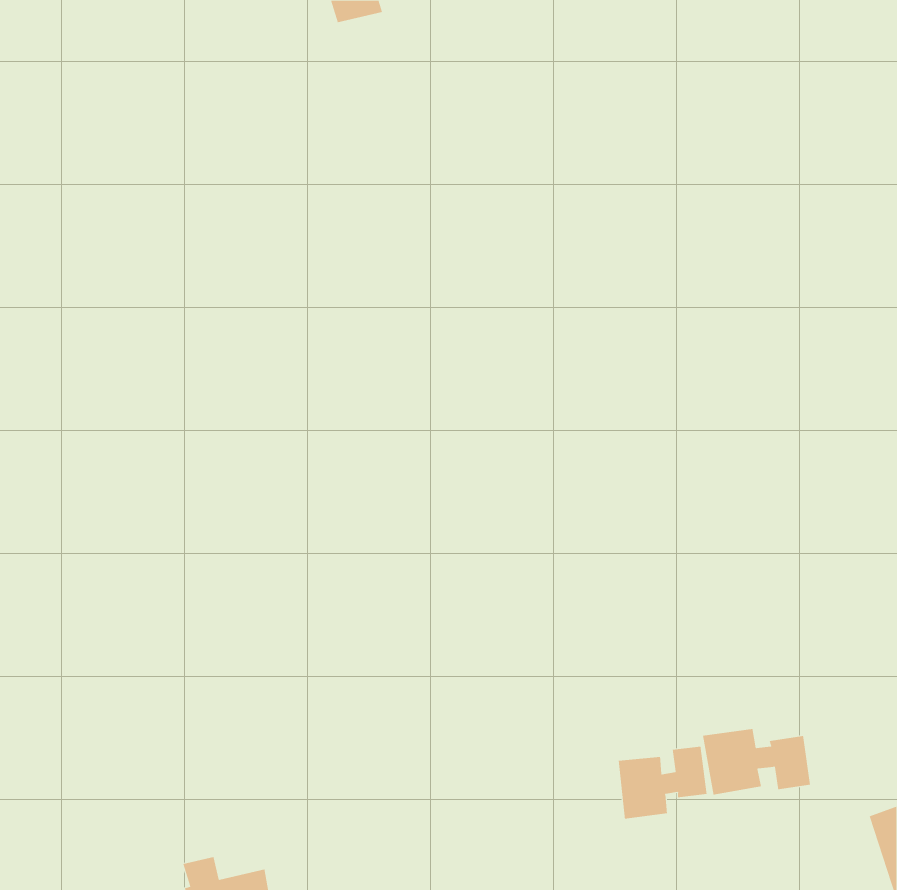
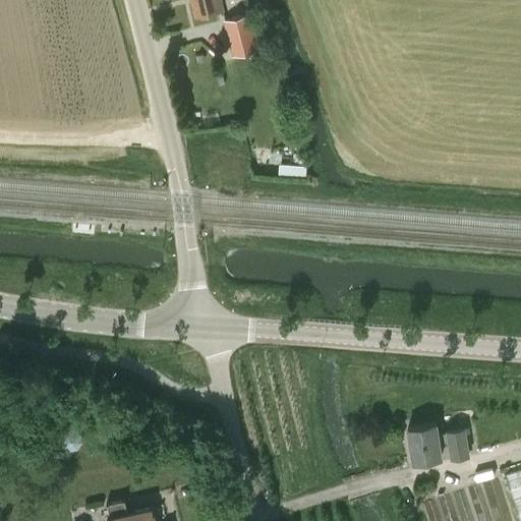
building: none -> [224,16,259,59]
building: [618,746,707,820] -> none

